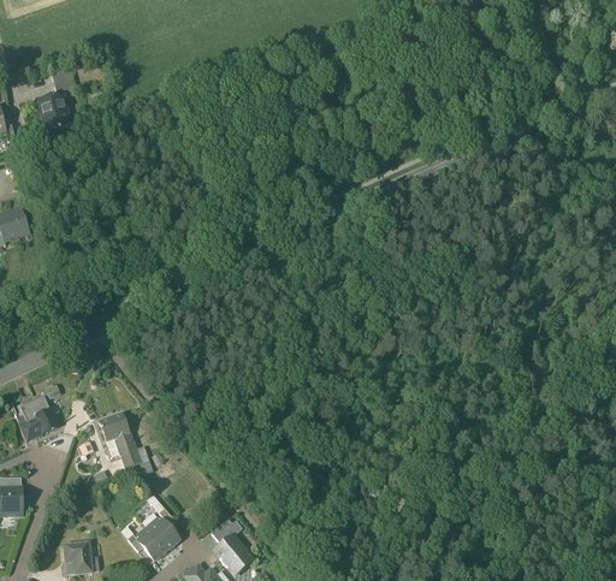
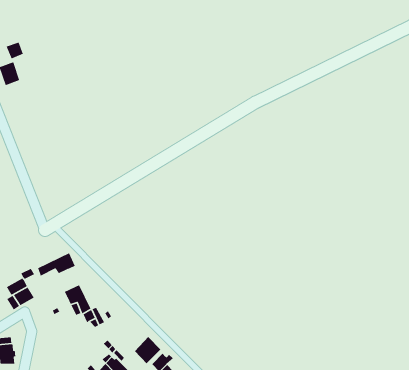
building: none -> [37,252,76,276]
building: none -> [134,336,161,364]

